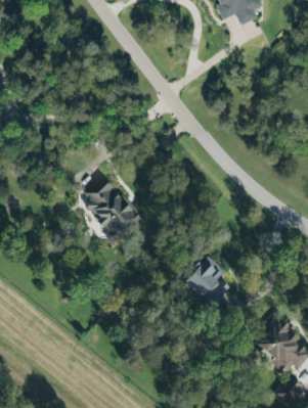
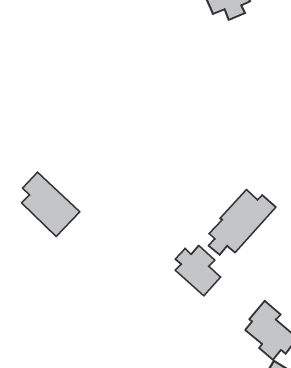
building: [85,179,145,245] -> [22,172,80,236]
building: none -> [209,190,276,255]

